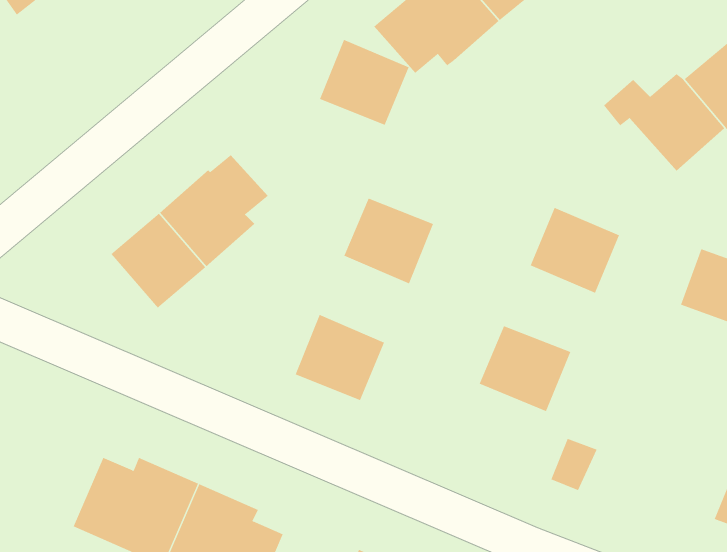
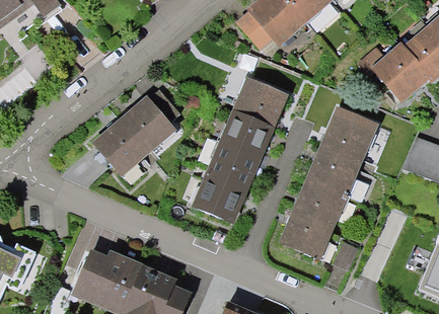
building: [319,39,409,126] -> [233,82,282,129]
building: none -> [207,146,255,192]
building: none -> [306,151,356,198]
building: none -> [280,215,330,261]

